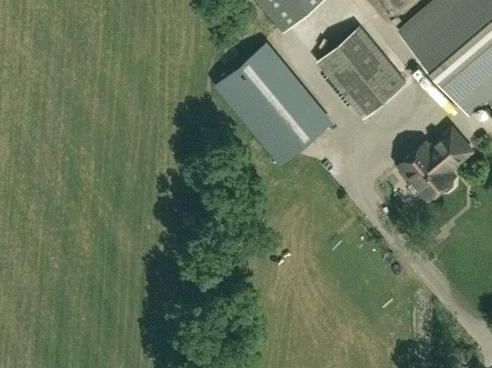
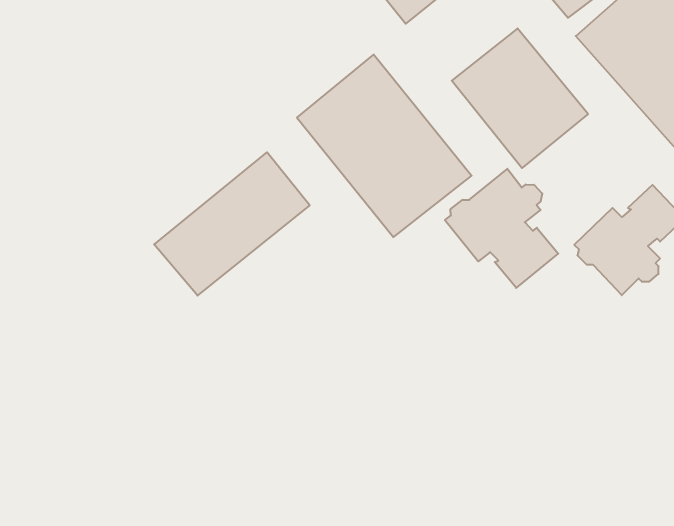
building: none -> [154,152,310,296]
building: none -> [445,169,558,288]

